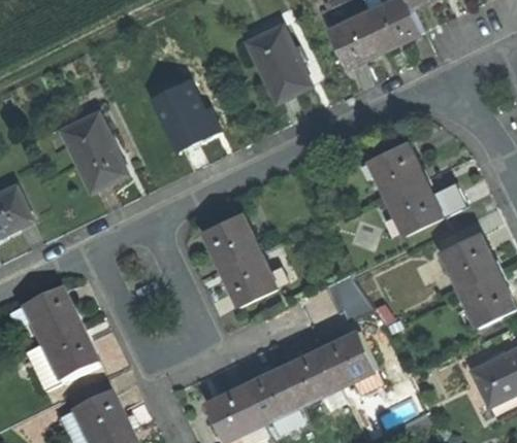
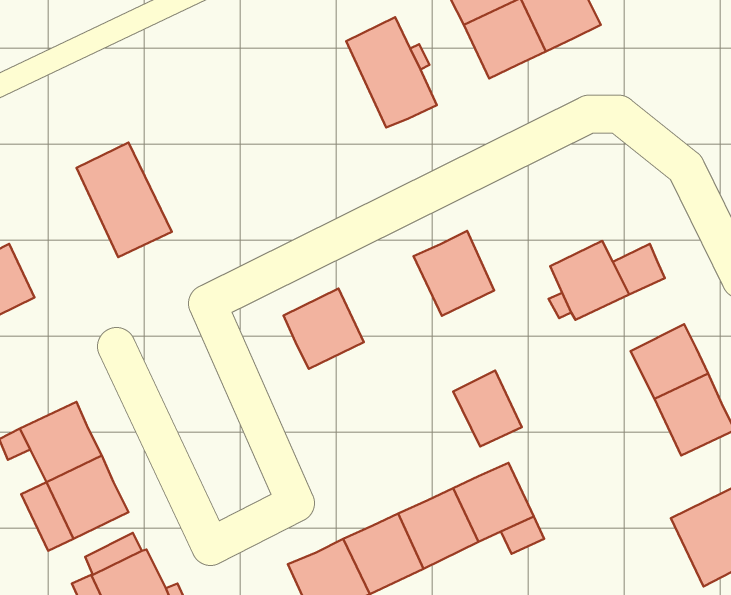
building: [153,79,213,148] -> none
building: [368,138,424,197] -> [414,231,494,316]
building: [221,249,278,306] -> none

